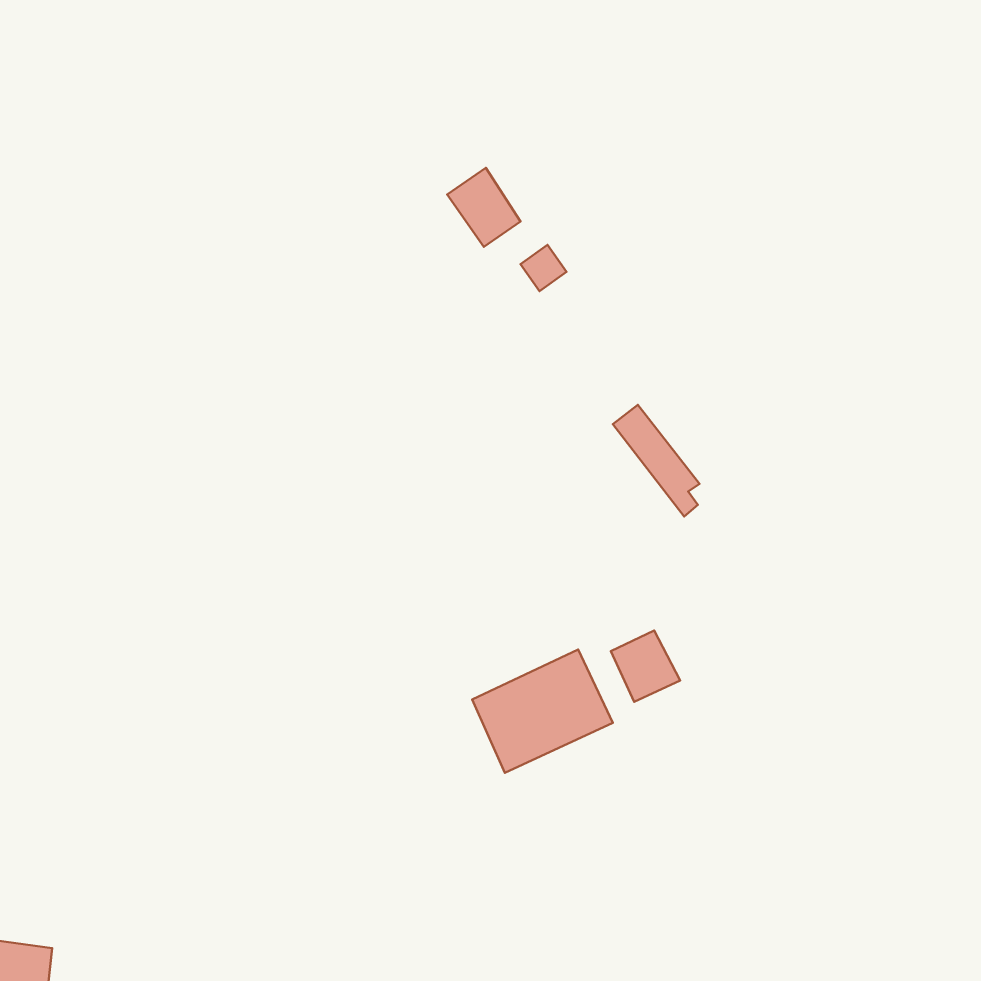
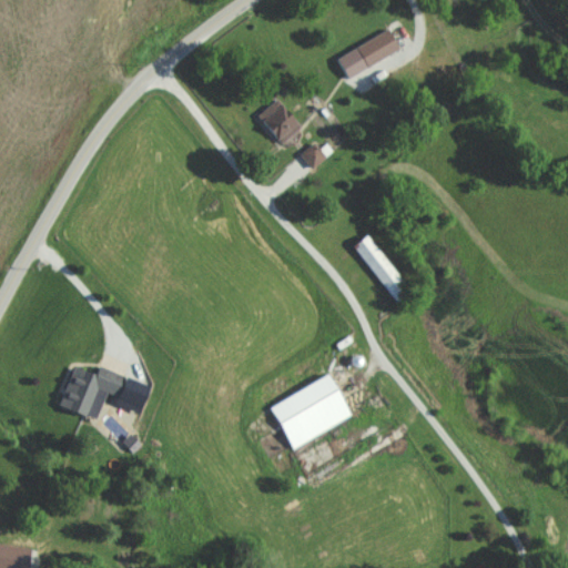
building: none -> [337,30,400,77]
building: [611,631,680,702] -> none
building: none -> [59,366,124,419]

